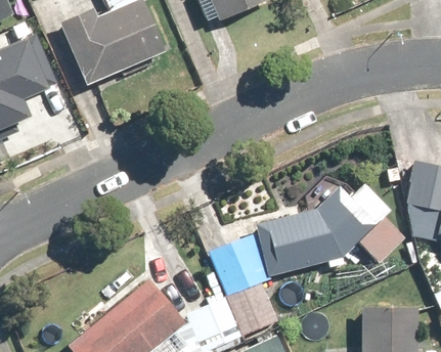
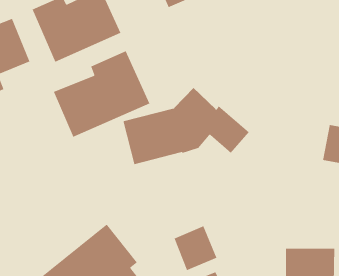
building: none -> [53,50,150,138]
building: [253,183,403,275] -> [123,87,250,165]

